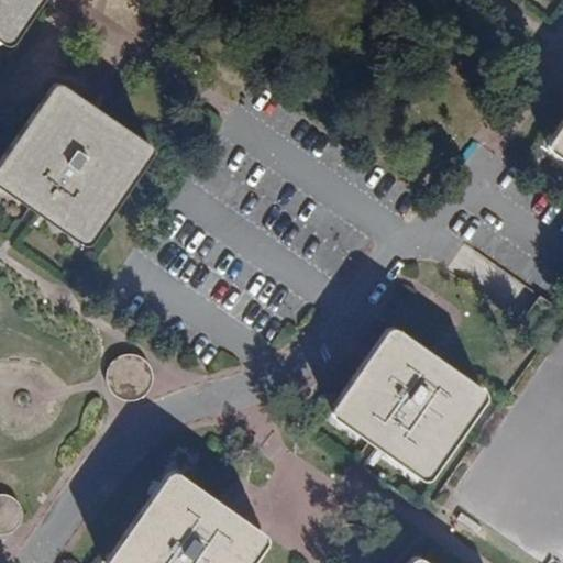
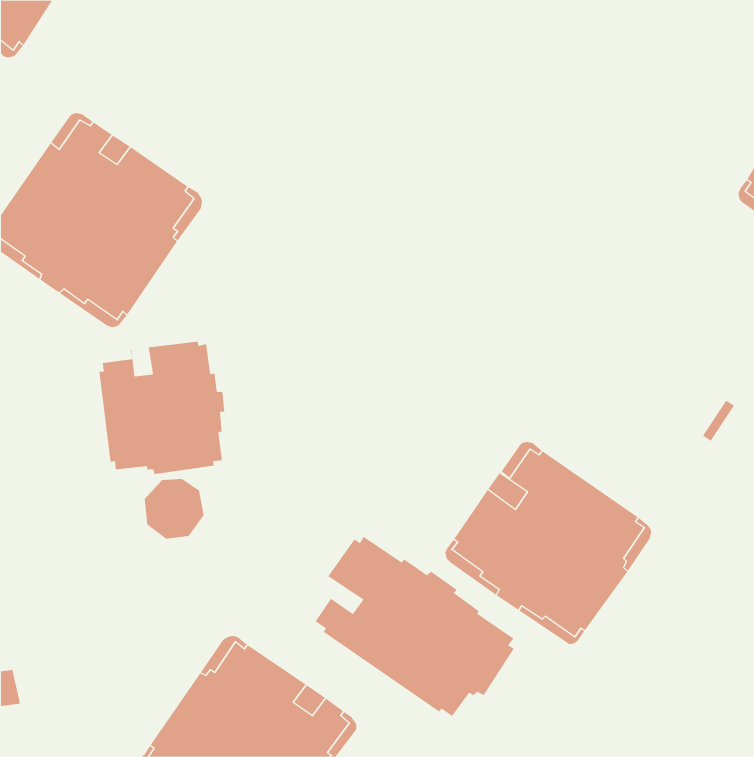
building: none -> [99,341,225,475]
building: none -> [315,536,514,717]

